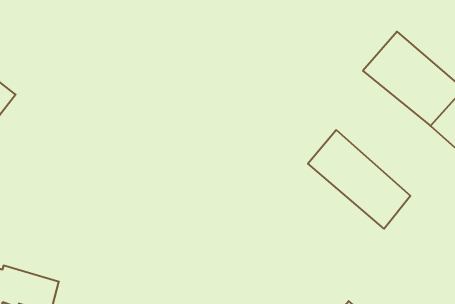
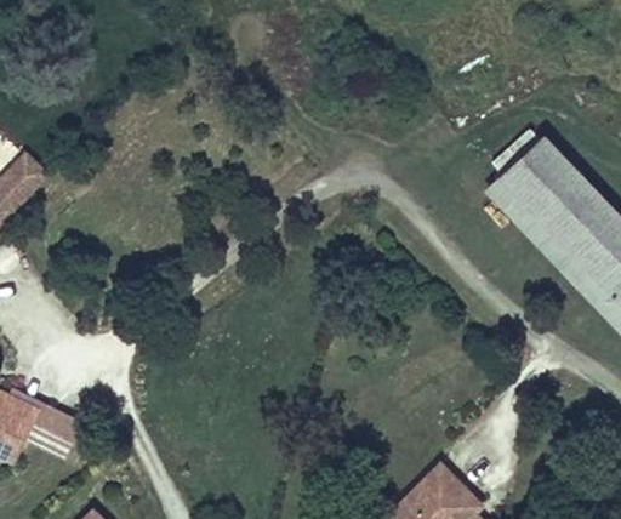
building: [308,130,410,229] -> none

